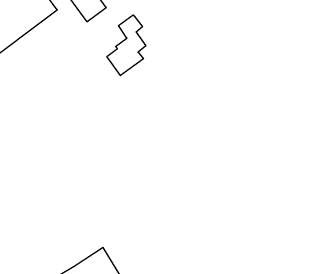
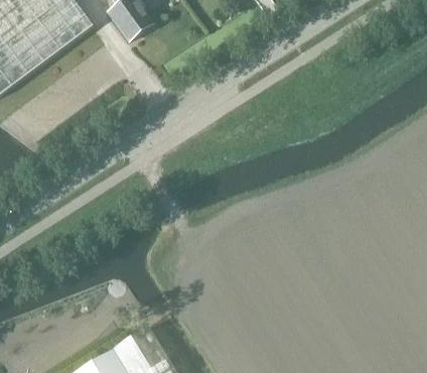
building: [107,15,146,76] -> none

